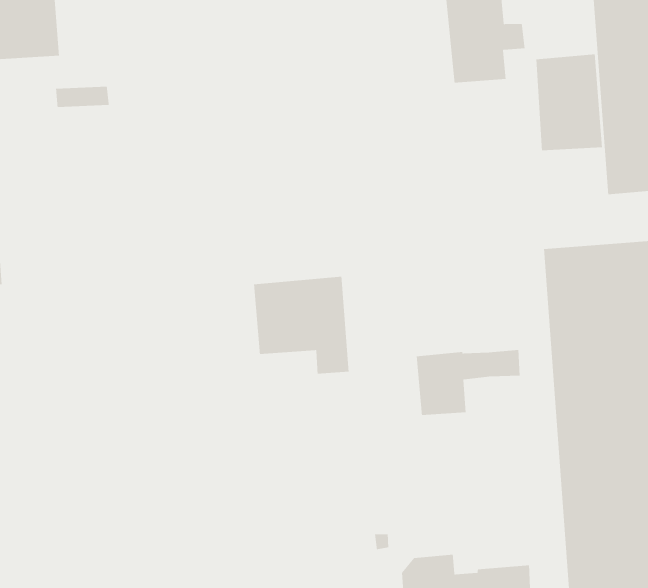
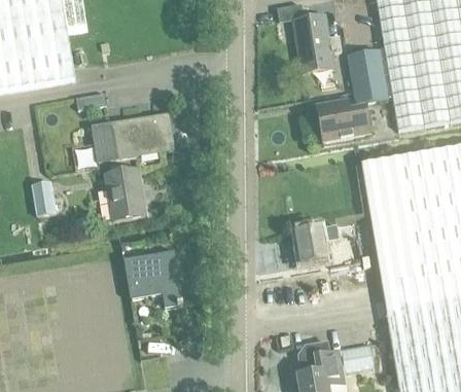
building: none -> [92,114,174,161]
building: none -> [316,103,369,143]
building: none -> [103,167,146,222]
building: [253,276,349,374] -> [122,249,182,307]

